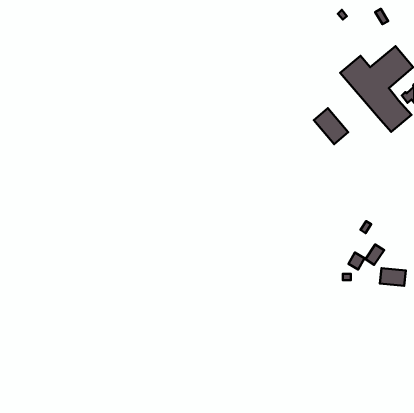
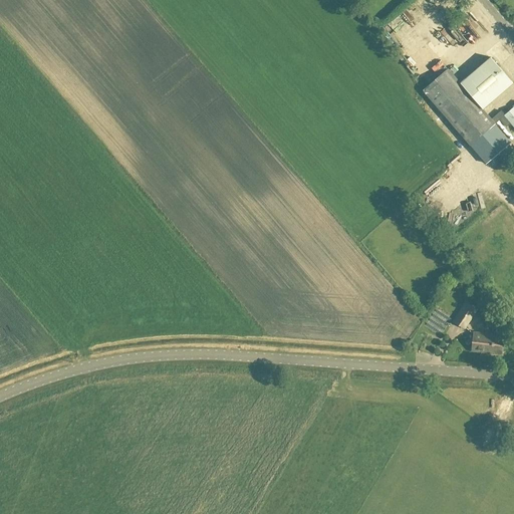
building: [314,108,348,144] -> none

